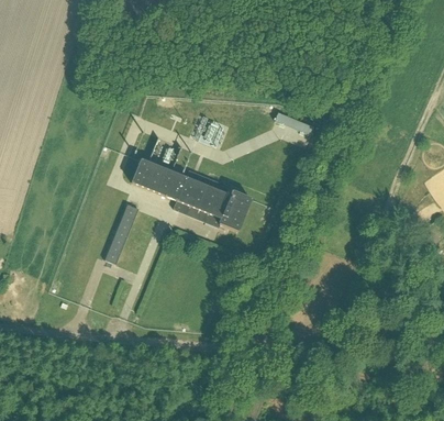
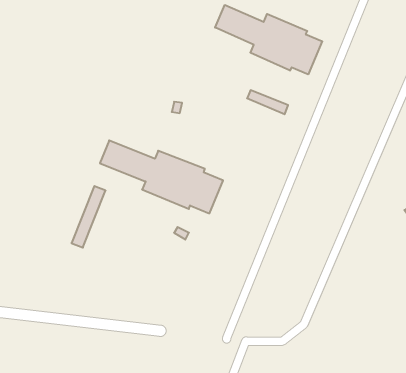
building: none -> [215,5,322,74]

